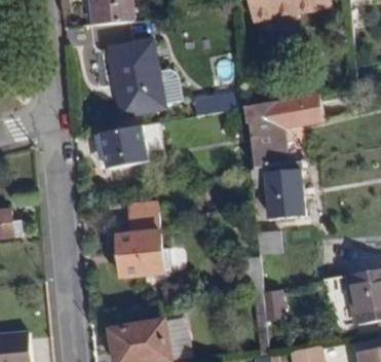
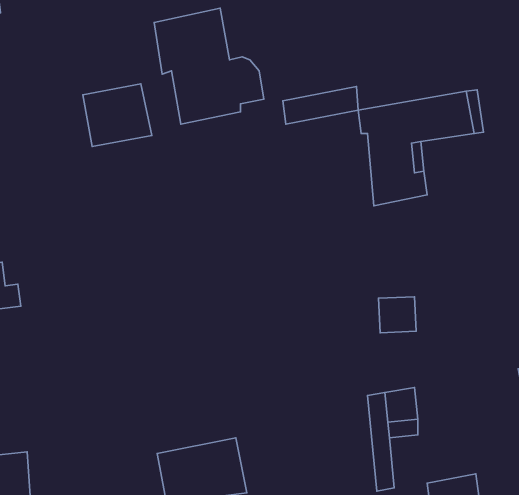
building: [102,125,147,167] -> [83,84,152,147]
building: [249,159,303,217] -> none
building: [116,204,168,278] -> none

